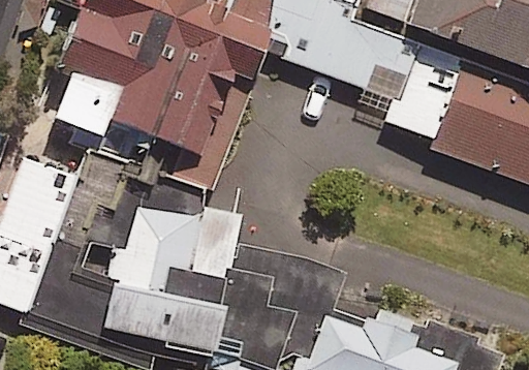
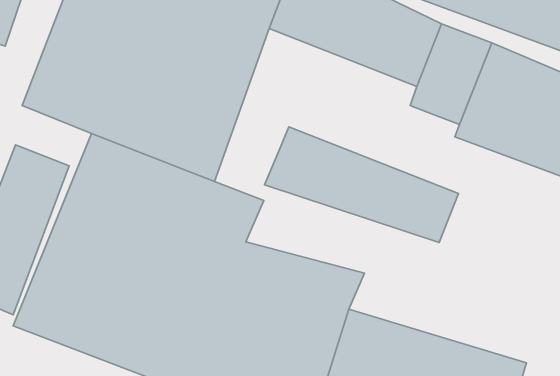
building: none -> [264,127,459,243]

